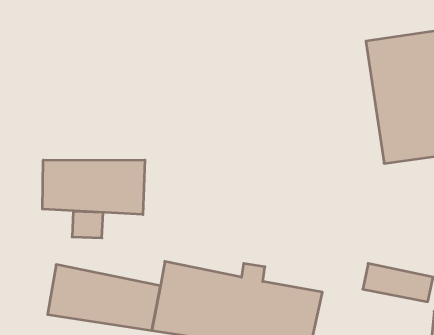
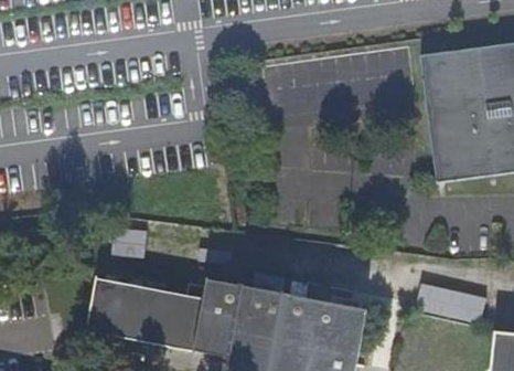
building: [42,160,145,215] -> none

